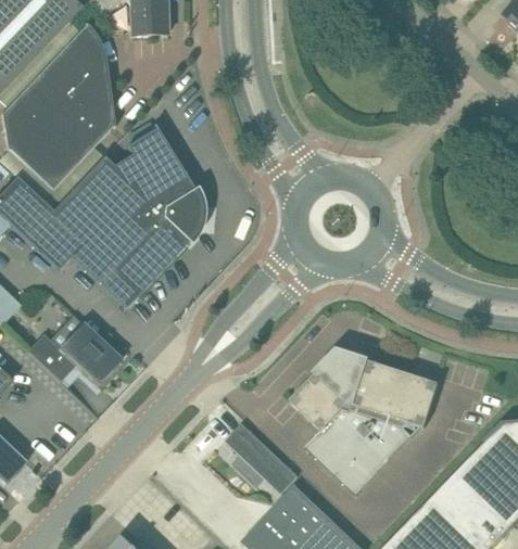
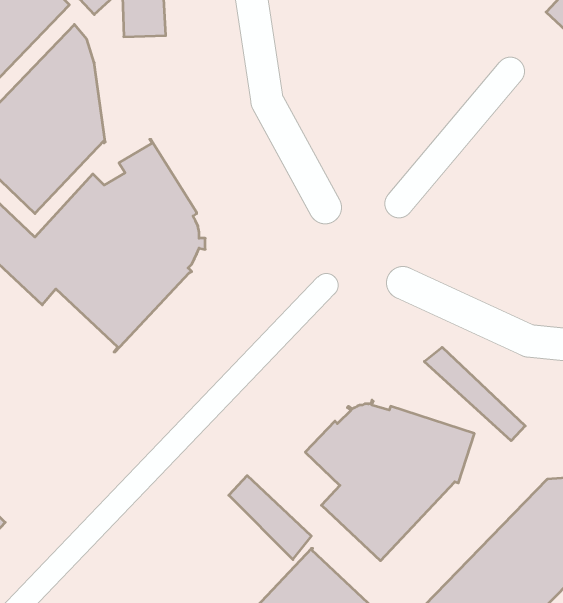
building: none -> [424,347,525,441]
building: [27,322,122,385] -> none

